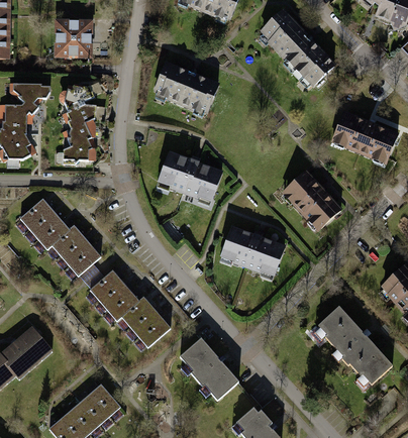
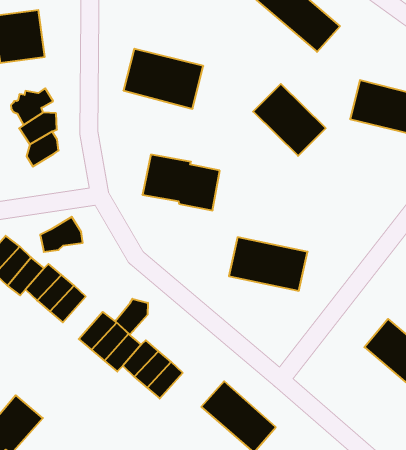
building: [62,138,95,163] -> [40,217,83,252]
building: [282,172,338,231] -> [253,84,326,156]
building: none -> [115,299,148,335]

